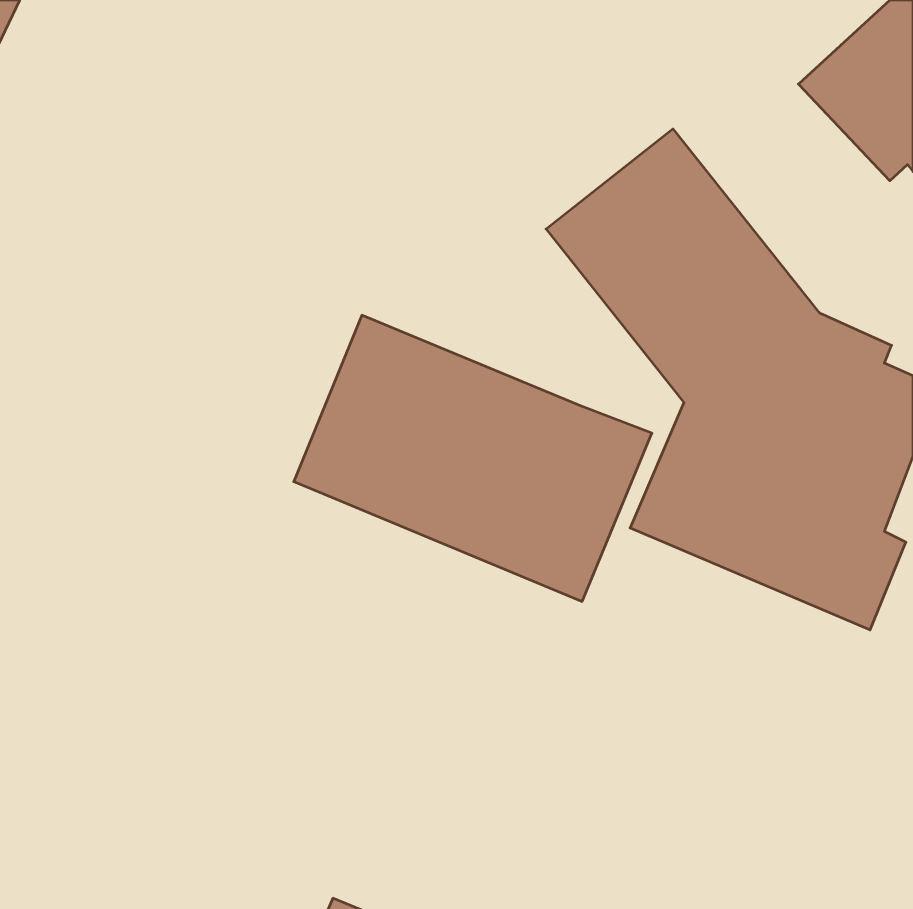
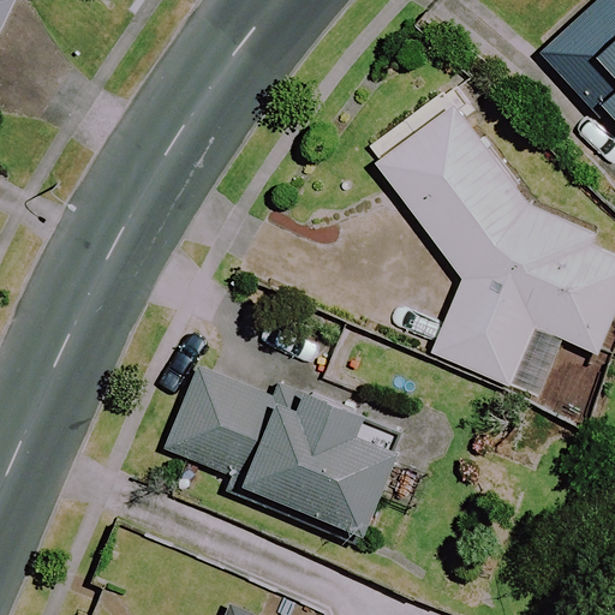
building: [294,315,652,601] -> [169,344,410,536]

